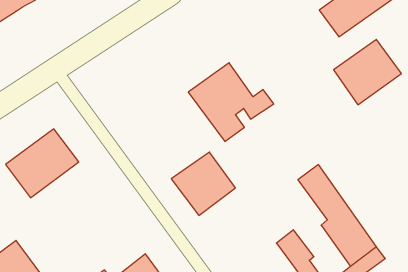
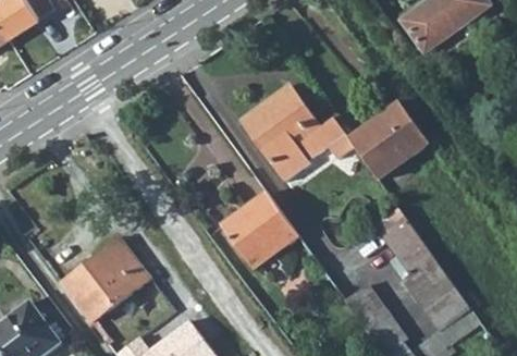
building: [334,39,401,105] -> [346,100,429,180]
building: [6,129,79,198] -> [61,240,150,323]

